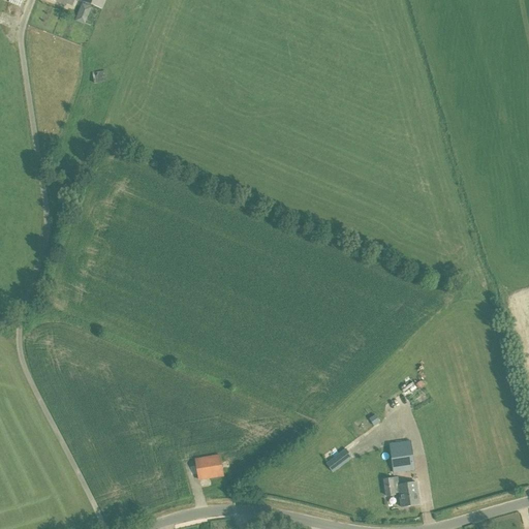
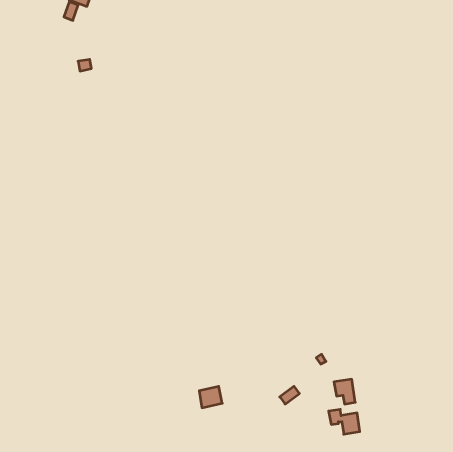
building: [195,454,222,478] -> [199,386,222,408]

